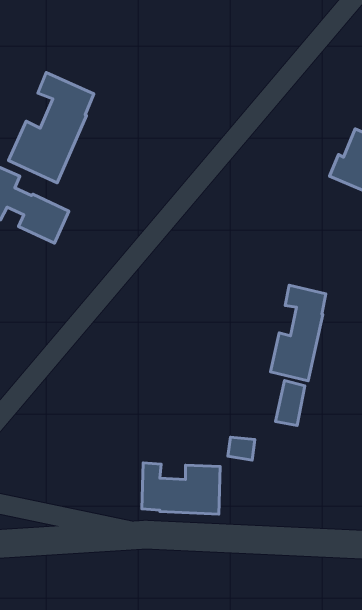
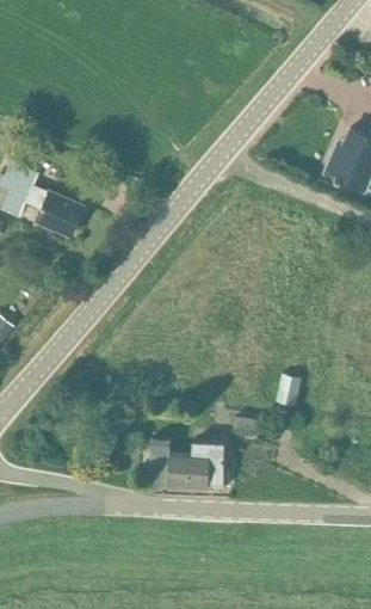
building: [9,72,94,183] -> none
building: [271,285,326,381] -> none

